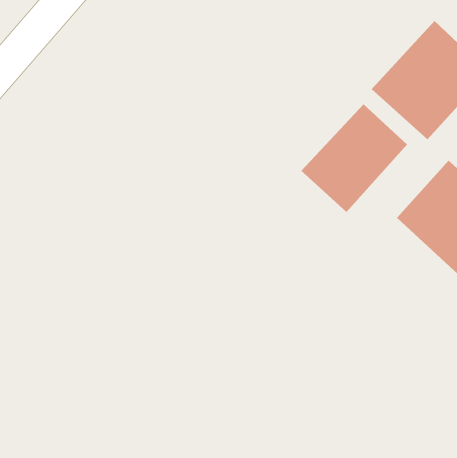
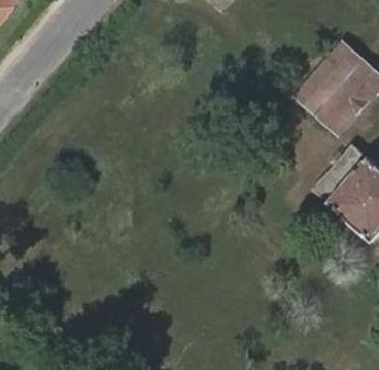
building: [301,104,408,213] -> none

